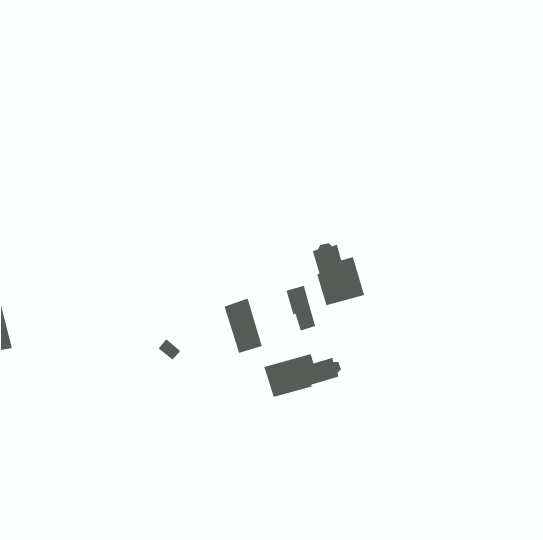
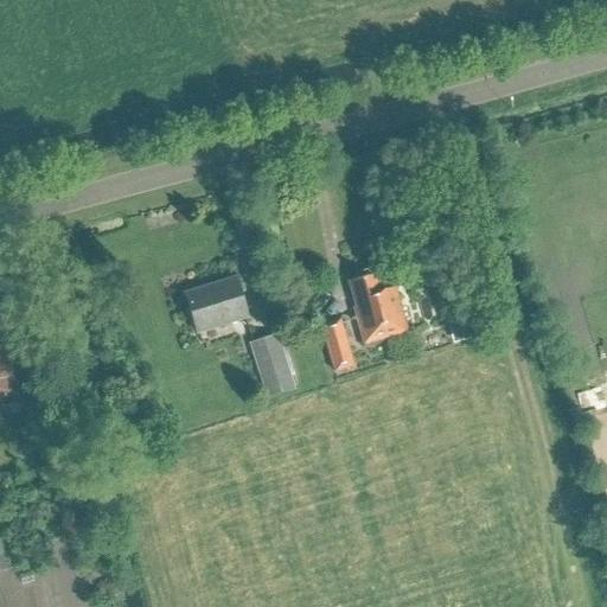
building: none -> [185,276,248,331]
building: [263,353,342,398] -> none

